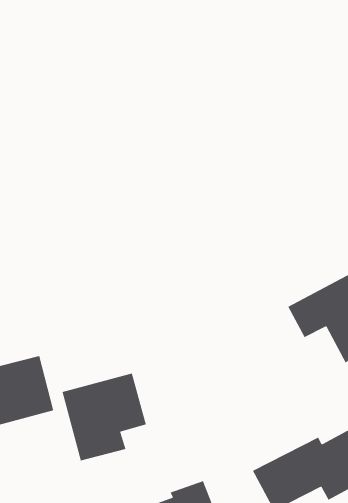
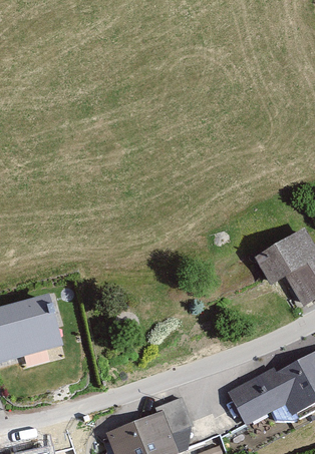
building: [61,372,147,462] -> none

